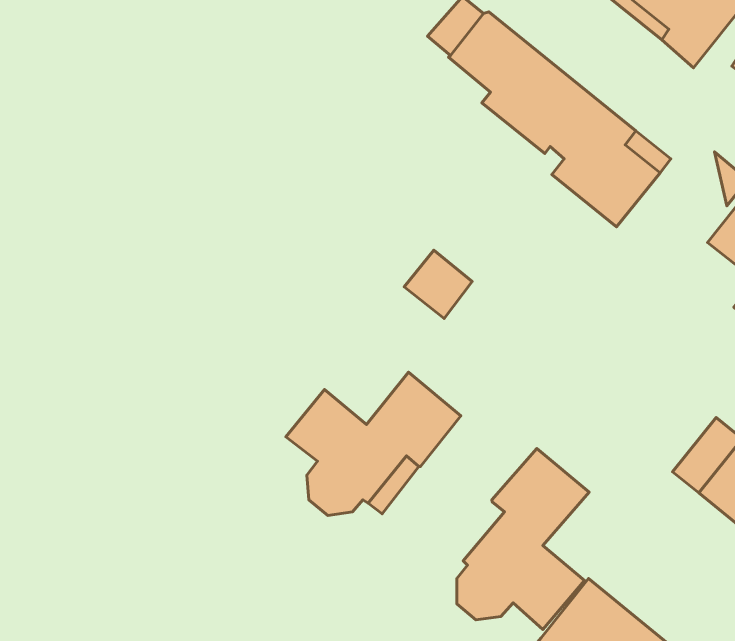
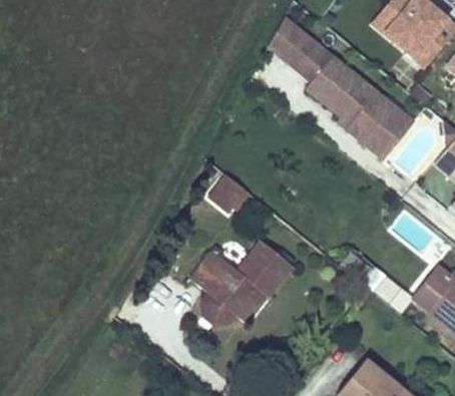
building: [404,250,472,318] -> [210,173,250,213]
building: [457,449,589,629] -> none

